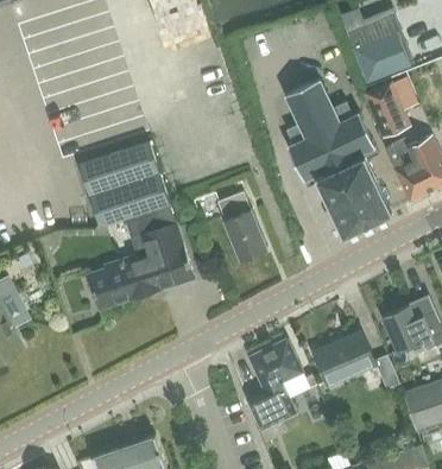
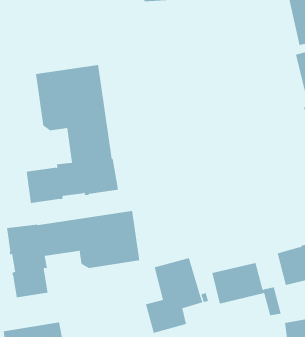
building: [286,80,391,235] -> none
building: [217,192,267,260] -> none
building: none -> [6,210,140,298]

